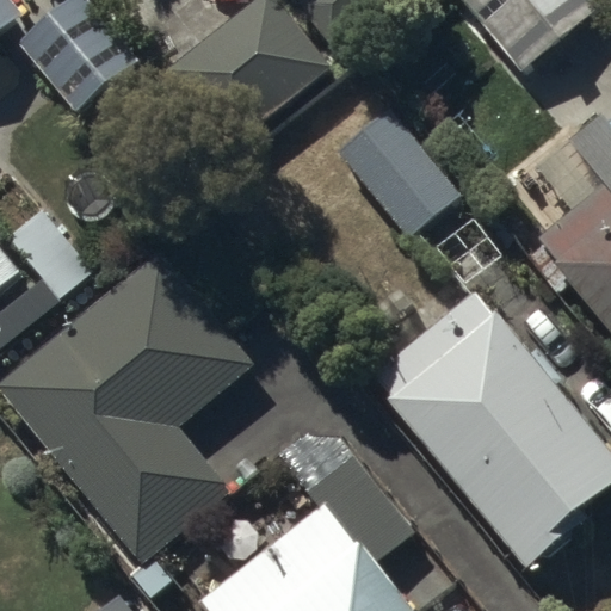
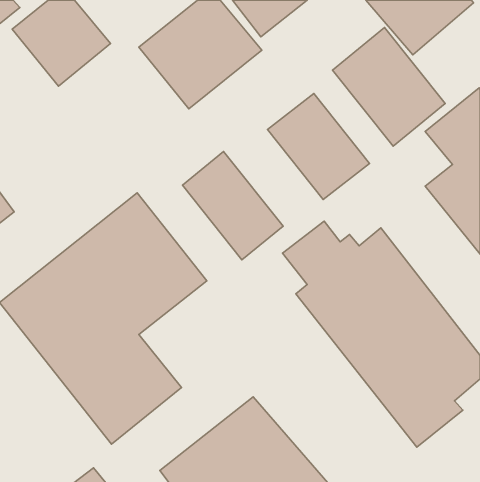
building: none -> [333,28,445,146]
building: none -> [182,151,283,260]

